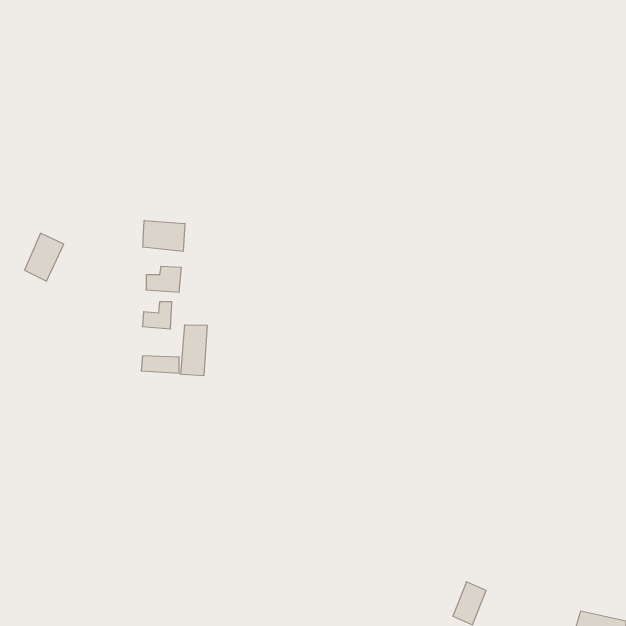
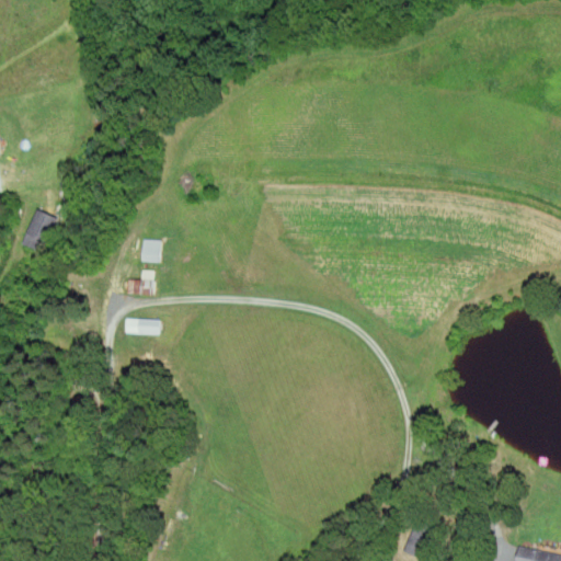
building: [143,220,185,251] -> none
building: [181,325,207,376] -> none

